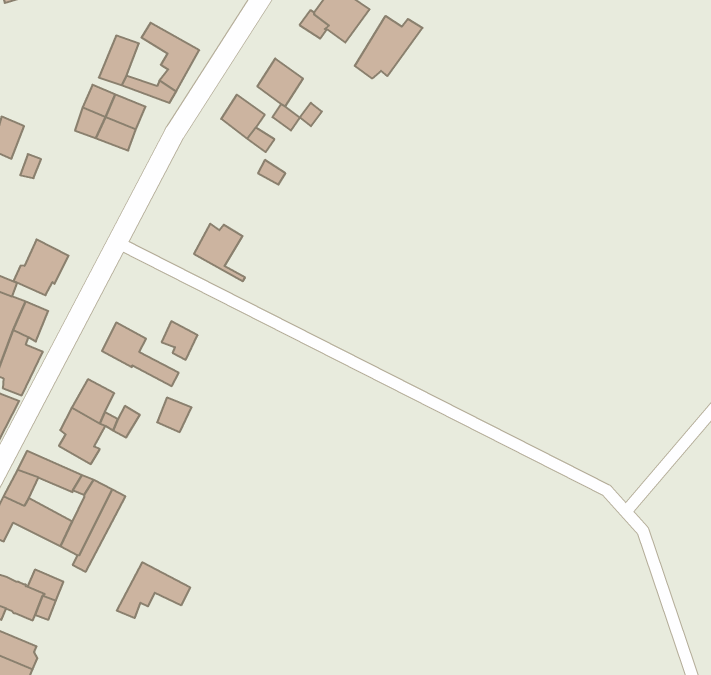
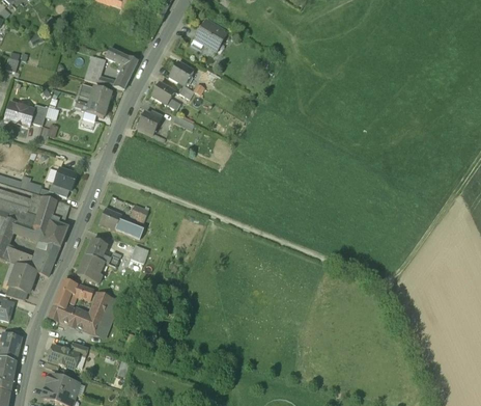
building: [355,16,423,78] -> none
building: [194,224,245,281] -> [137,110,165,139]
building: [117,562,190,618] -> none

